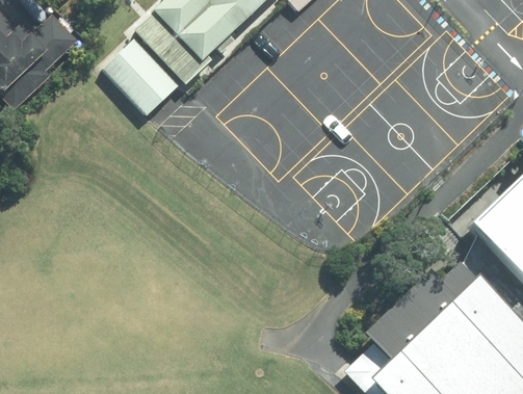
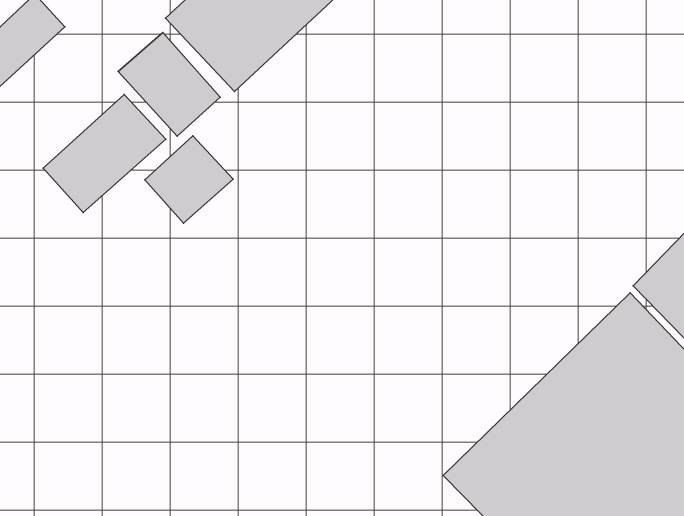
building: none -> [43,94,166,213]
building: none -> [145,136,233,223]

